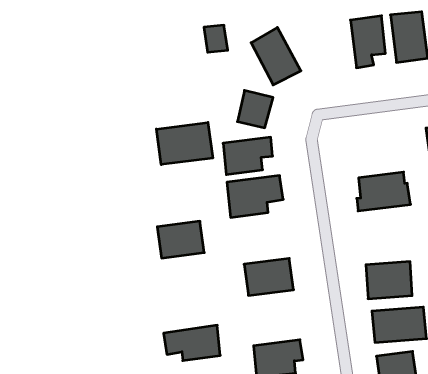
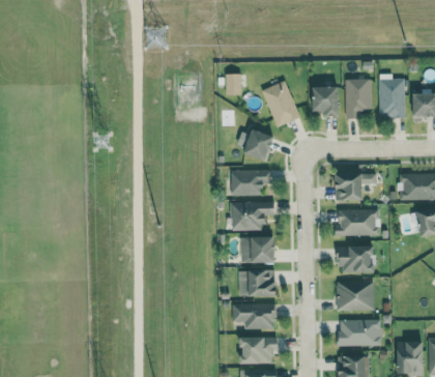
building: none -> [313,88,341,115]
building: [156,122,213,165] -> none
building: none -> [336,174,376,201]
building: none -> [339,247,376,273]
building: [157,221,204,258] -> [240,237,277,264]
building: [164,325,220,361] -> [231,303,276,329]

